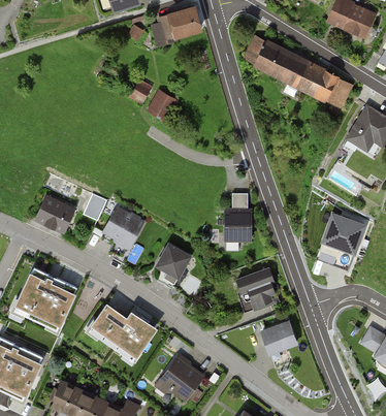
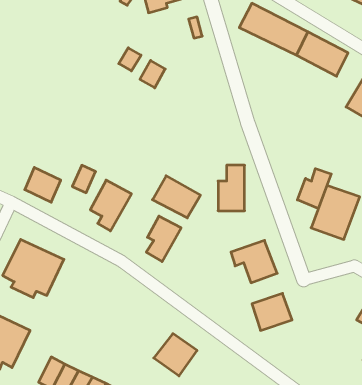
building: none -> [297,169,331,209]
building: none -> [152,176,200,218]
building: [93,305,152,353] -> none

